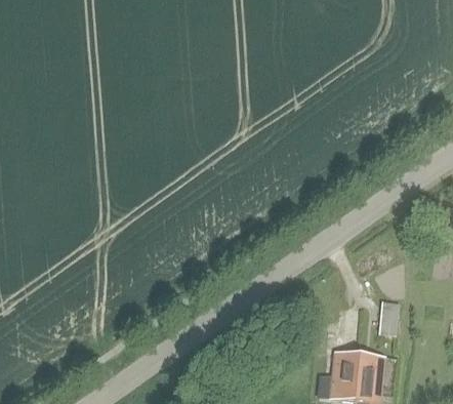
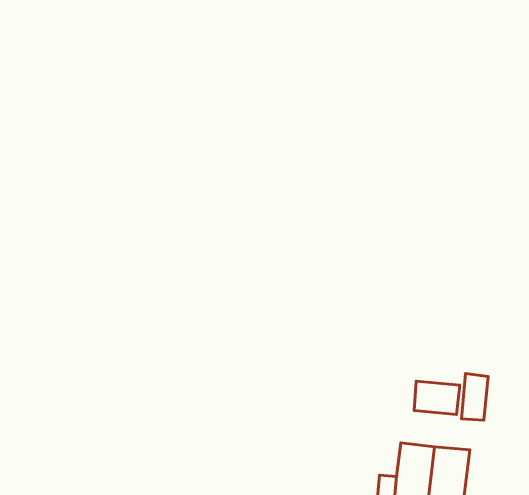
building: none -> [414,381,460,414]

